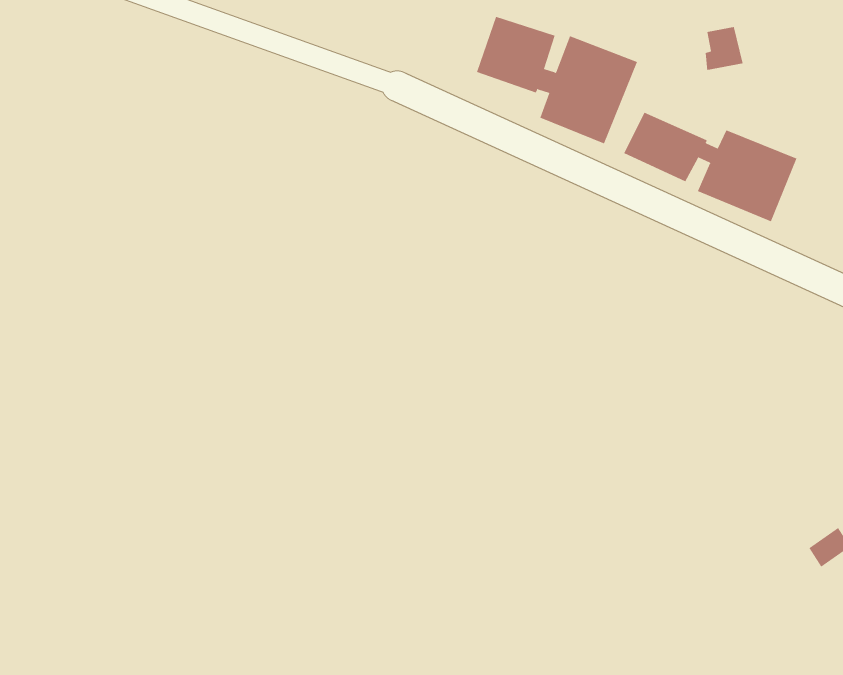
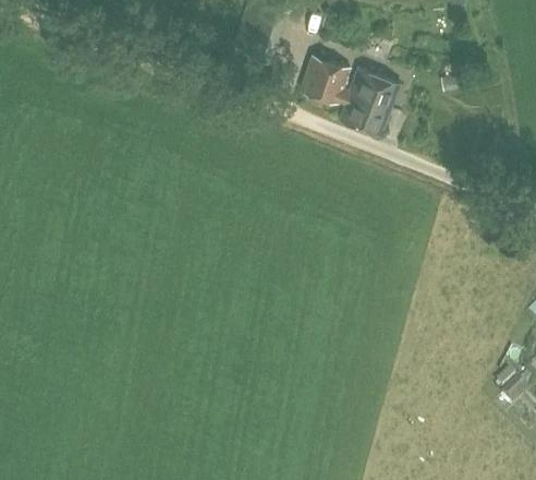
building: [623,112,797,222] -> none

